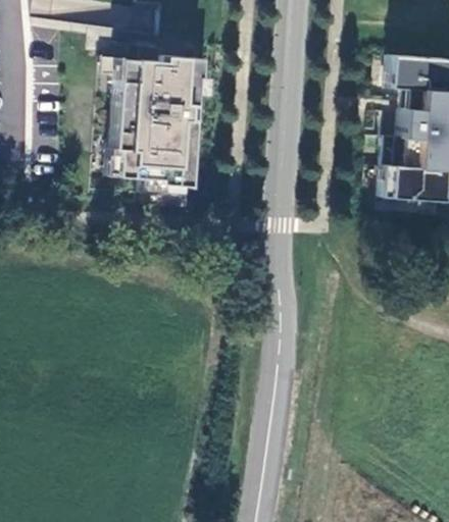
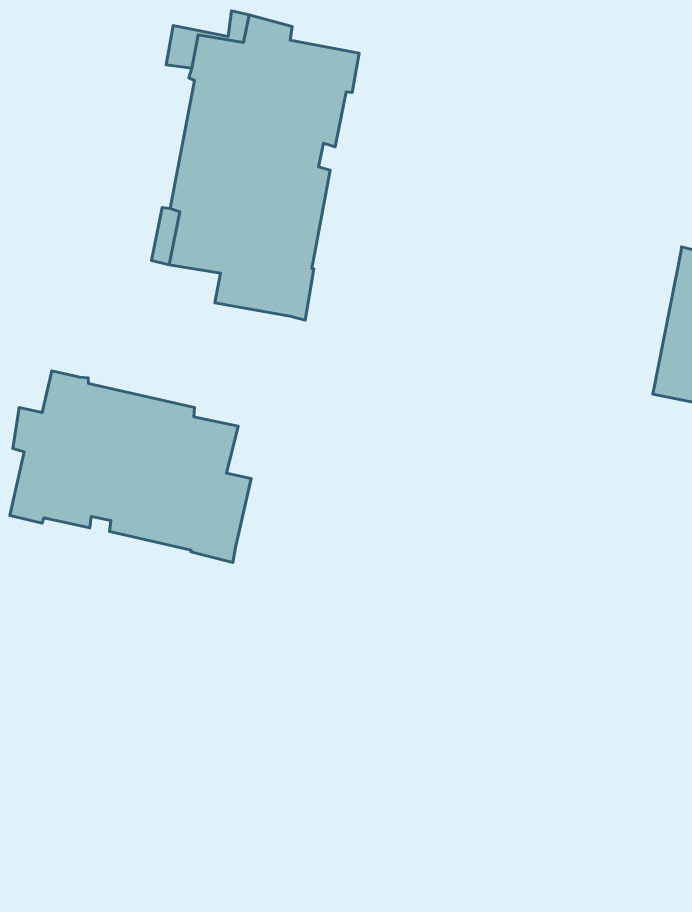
building: none -> [10,371,251,562]

